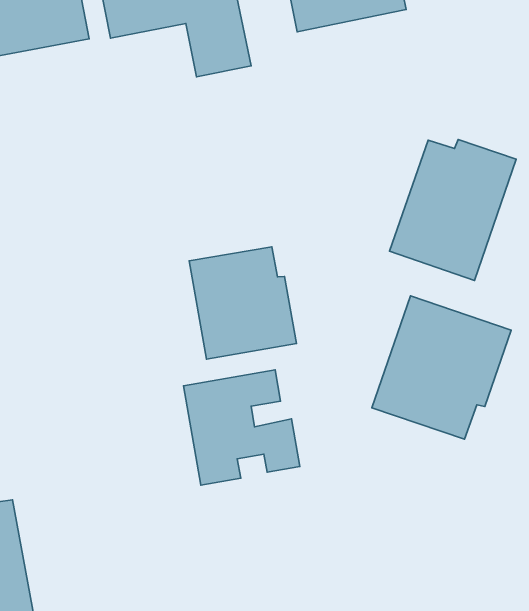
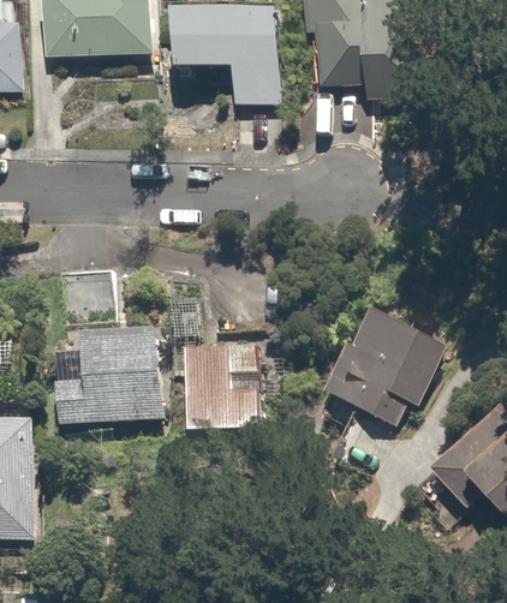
building: [390,140,516,280] -> none
building: [189,247,296,359] -> none
building: none -> [54,330,162,418]

